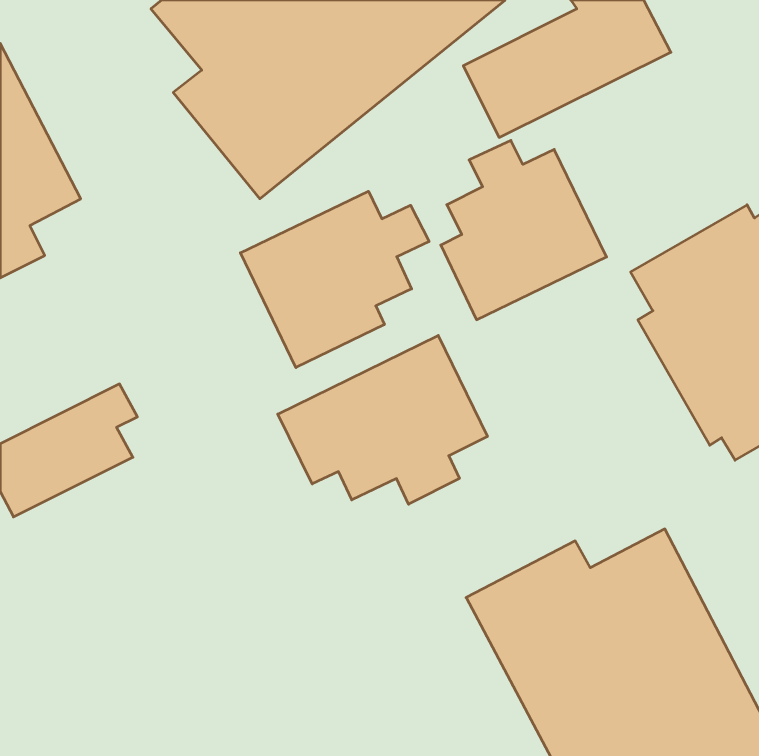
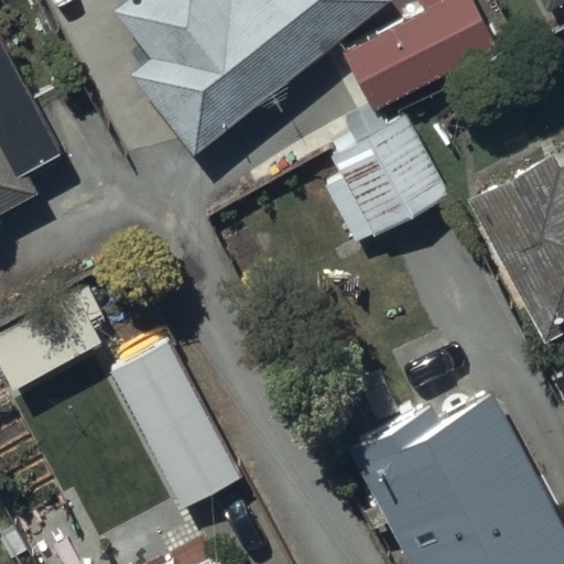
building: [240,191,429,368] -> none
building: [278,335,487,504] -> none
building: none -> [111,337,241,511]

